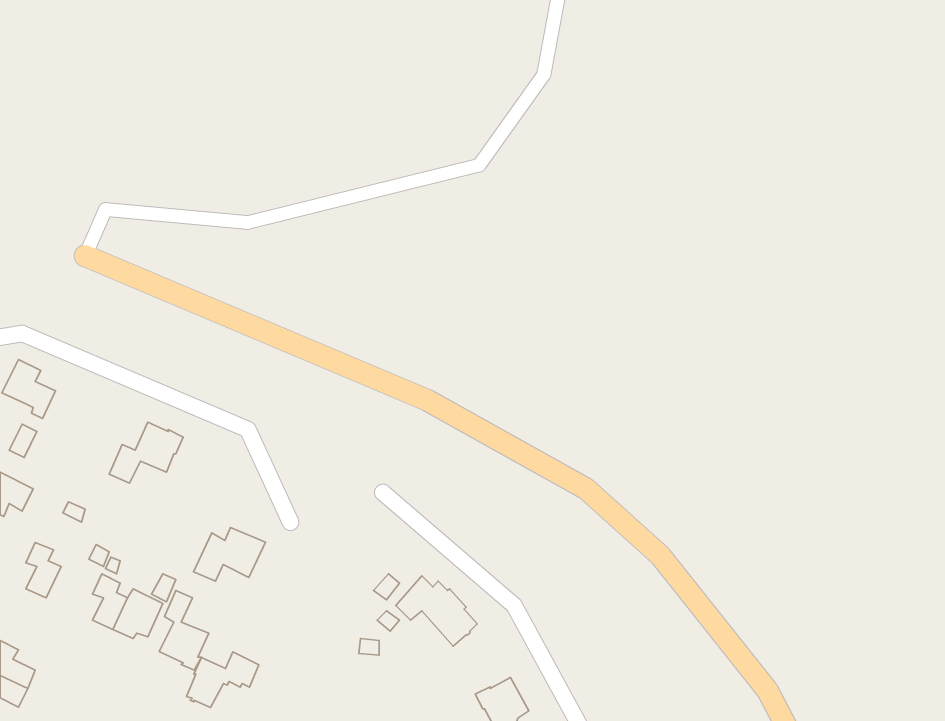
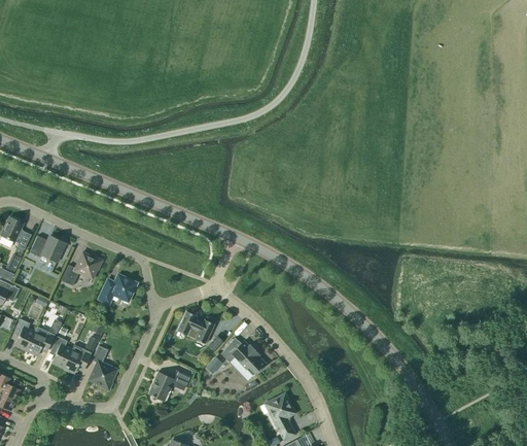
building: none -> [30,235,65,262]
building: [193,527,266,581] -> [97,274,137,304]
building: none -> [177,310,214,343]
building: none -> [26,327,54,354]
building: [187,652,259,707] -> [149,369,189,400]

